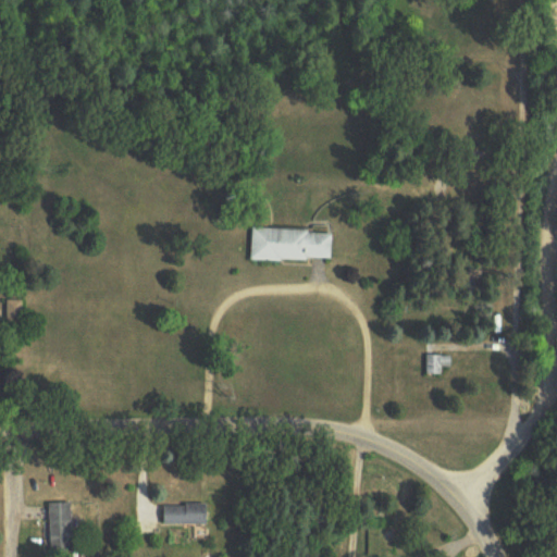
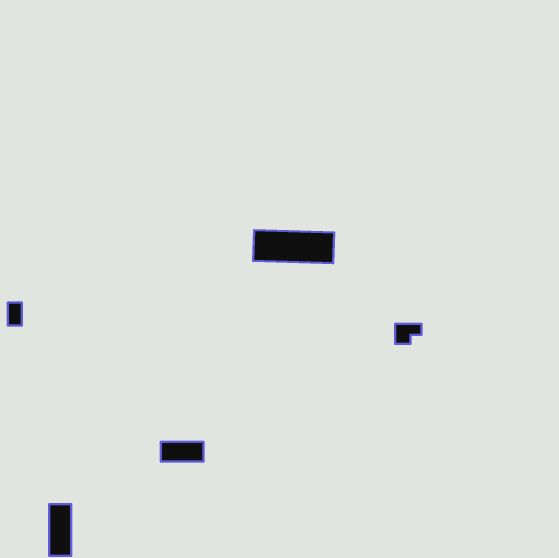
building: [425,355,451,374] -> [395,324,422,344]
building: [163,503,206,522] -> [161,442,203,462]

